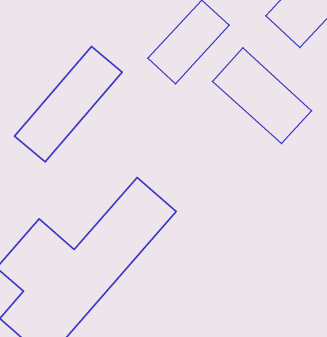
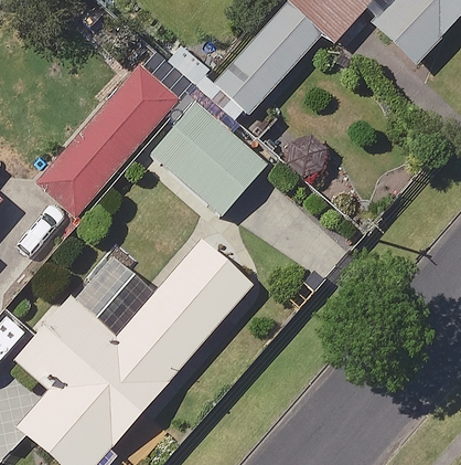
building: [213,48,312,144] -> none
building: none -> [151,98,269,214]

